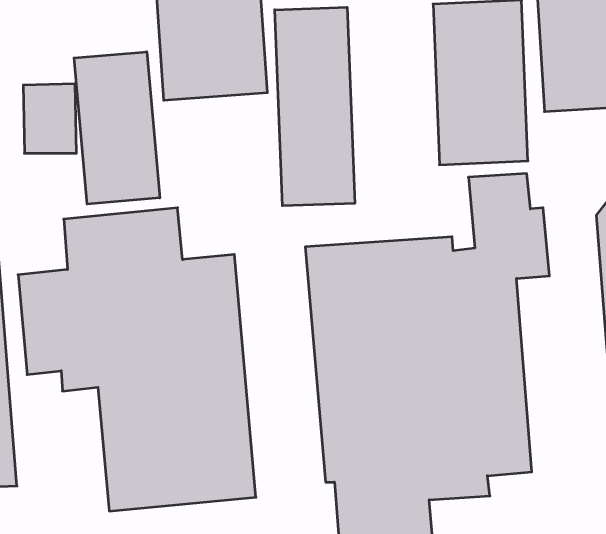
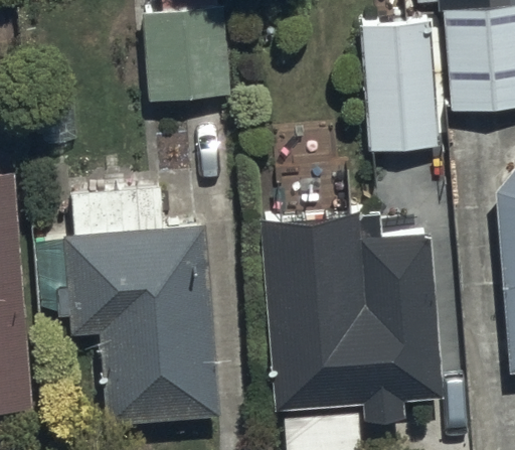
building: [275,7,355,206] -> none
building: [74,52,160,204] -> none

